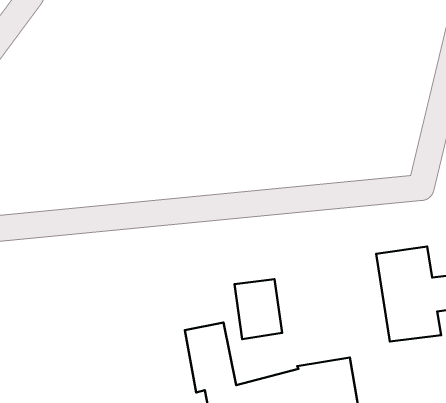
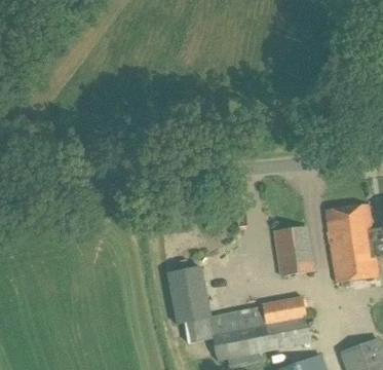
building: [235,279,282,339] -> [274,226,313,275]

